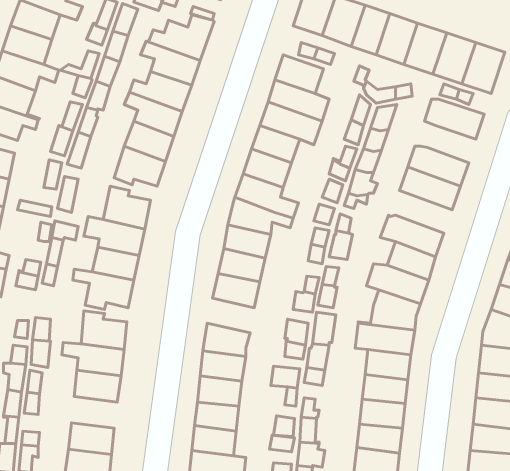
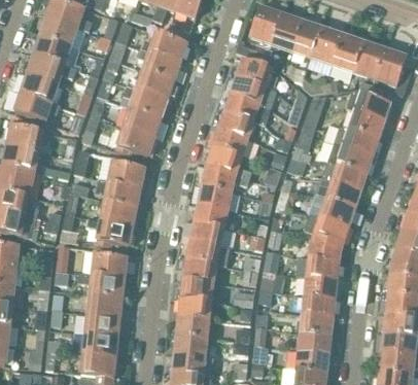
building: none -> [349,110,385,138]
building: none -> [321,159,368,190]
building: none -> [185,239,220,265]
building: none -> [84,312,118,336]

